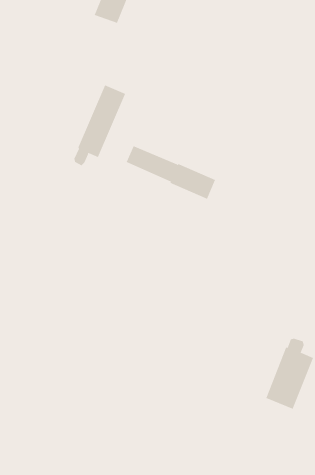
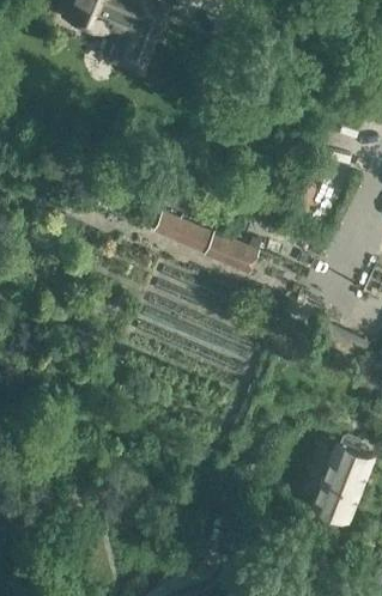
building: [74,85,126,166] -> none

